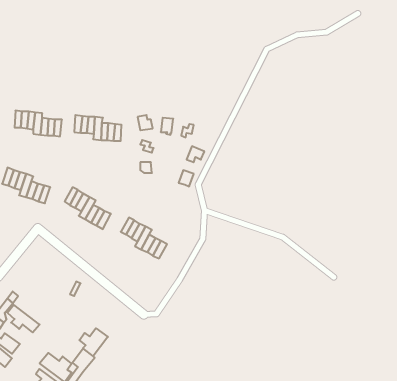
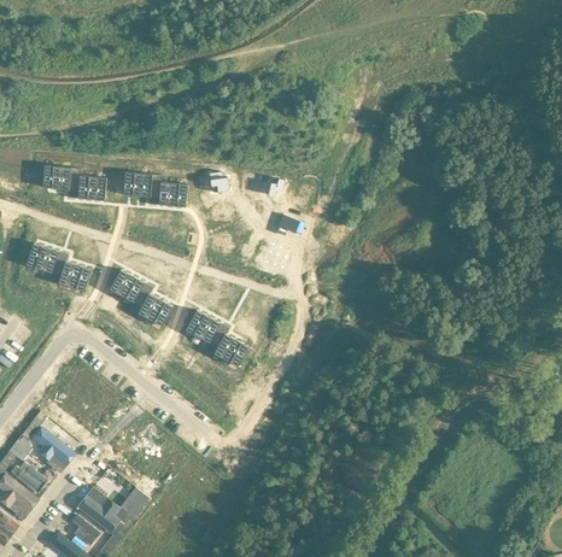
building: [79,328,108,356] -> none

